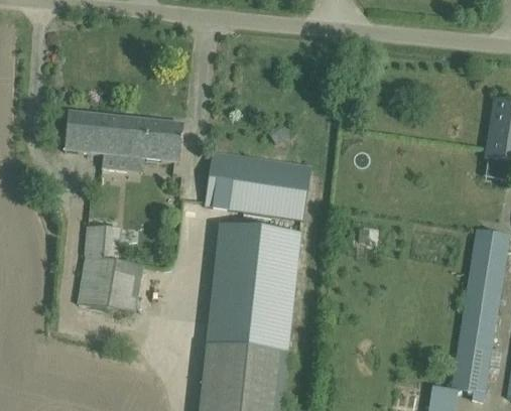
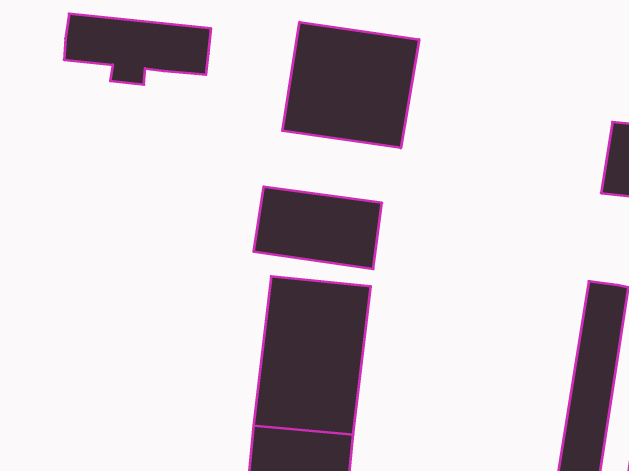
building: none -> [282,22,419,148]
building: [65,112,183,169] -> [64,14,211,85]
building: [78,226,143,314] -> none

